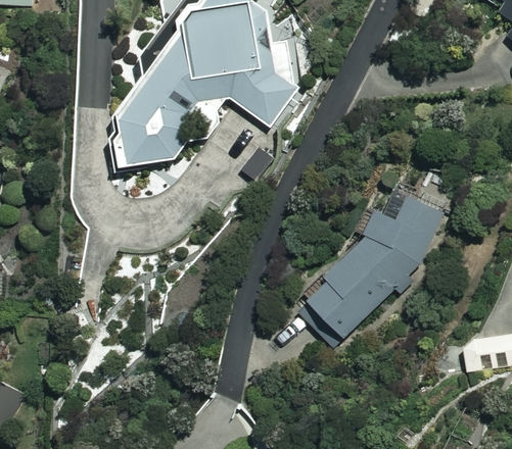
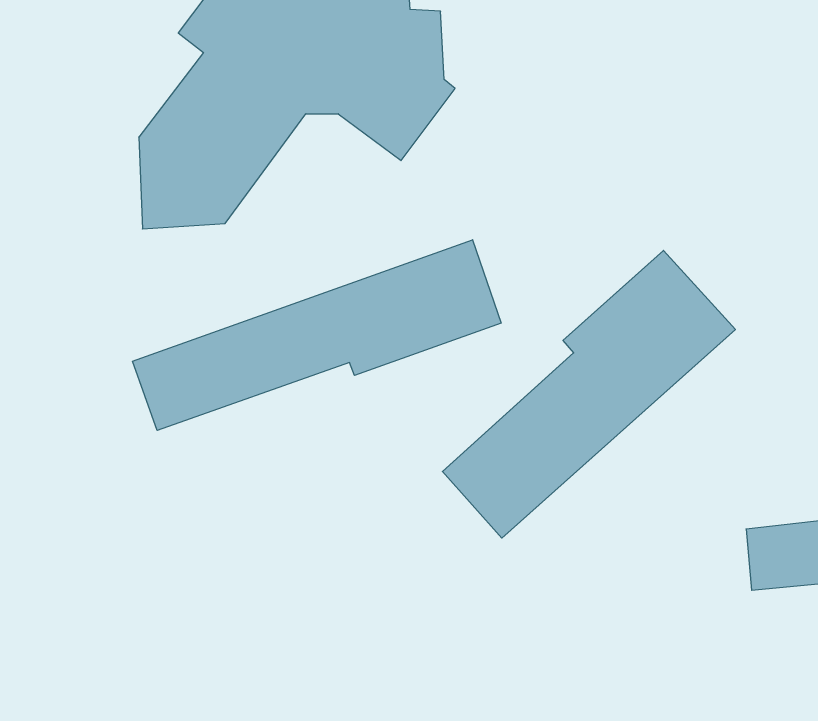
building: none -> [133,240,501,430]

